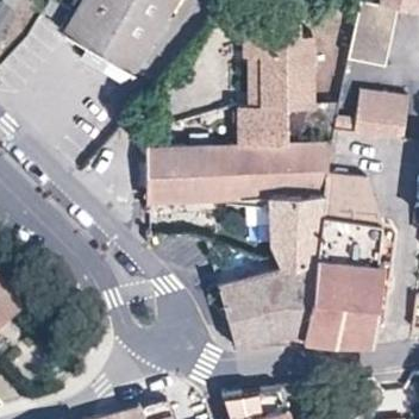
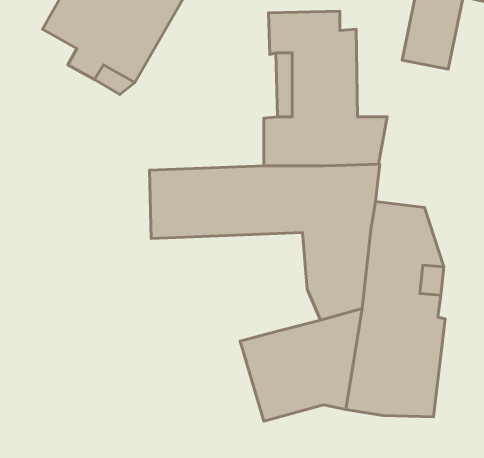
building: [334,90,409,139] -> none

